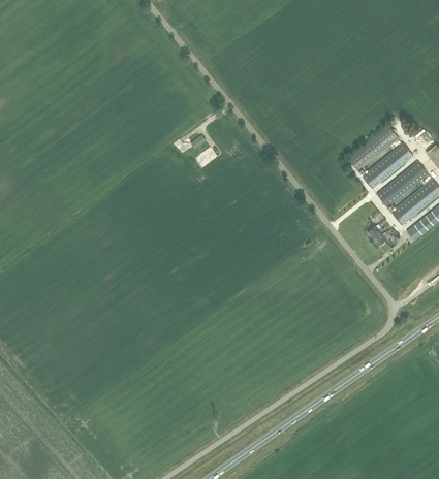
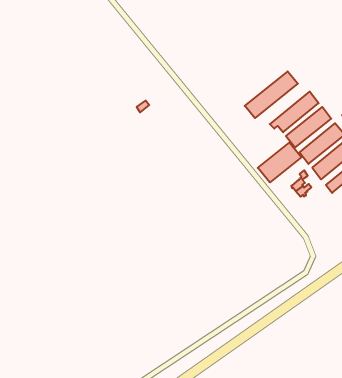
building: none -> [245,71,298,118]
building: none -> [258,143,302,182]

